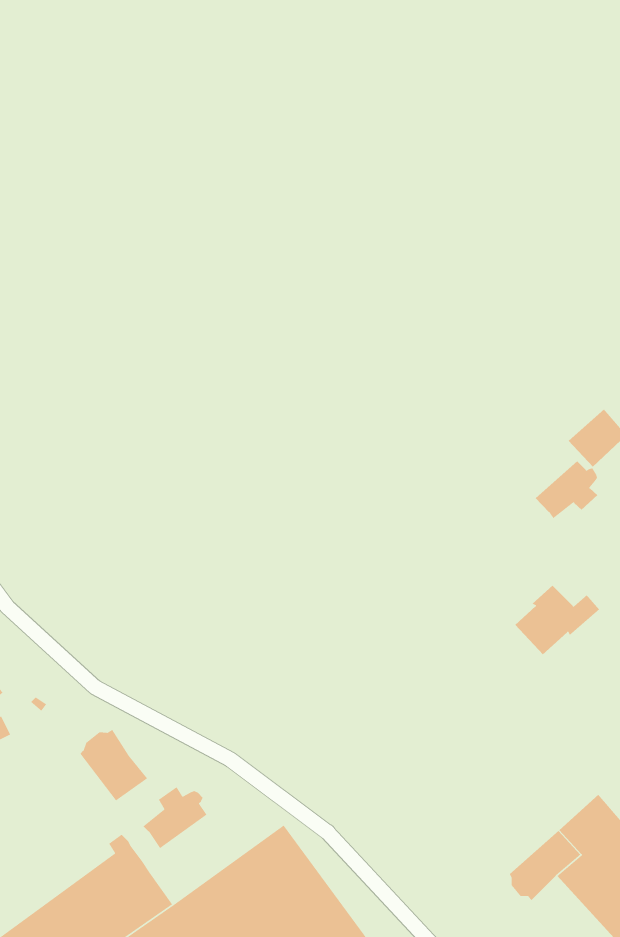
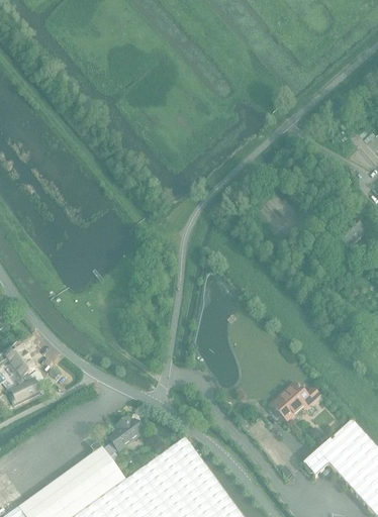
building: [535,460,598,519] -> none
building: [514,585,600,655] -> [274,382,319,419]
building: [80,729,148,802] -> none

